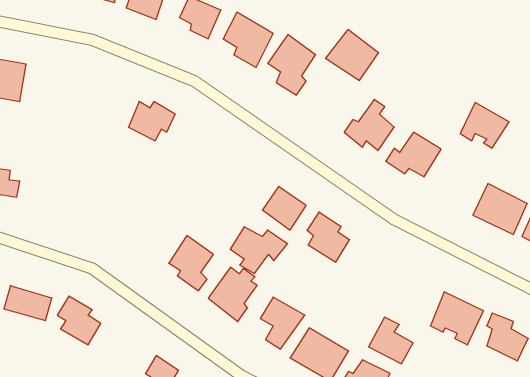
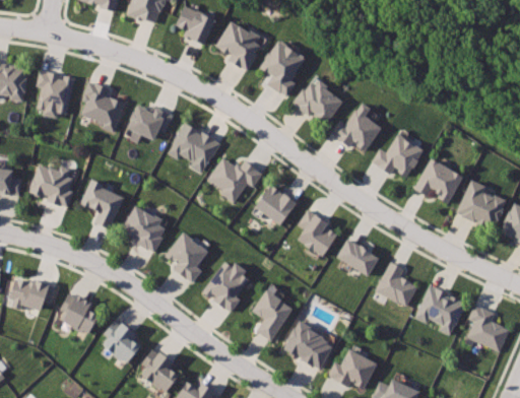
building: [325,30,379,81] -> [294,76,344,125]
building: none -> [35,70,75,116]
building: none -> [80,78,127,130]
building: [460,103,509,148] -> [416,158,463,202]
building: none -> [167,123,219,176]
building: none -> [29,161,76,208]
building: none -> [81,180,124,228]
building: none -> [122,206,168,253]
building: [230,227,288,274] -> [209,158,264,203]
building: none -> [337,239,381,276]
building: [368,317,413,364] -> [376,262,418,307]
building: none -> [105,317,142,362]

